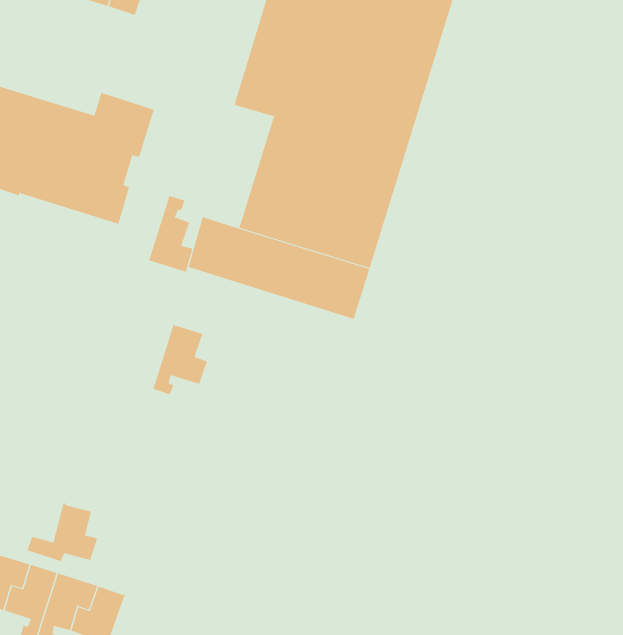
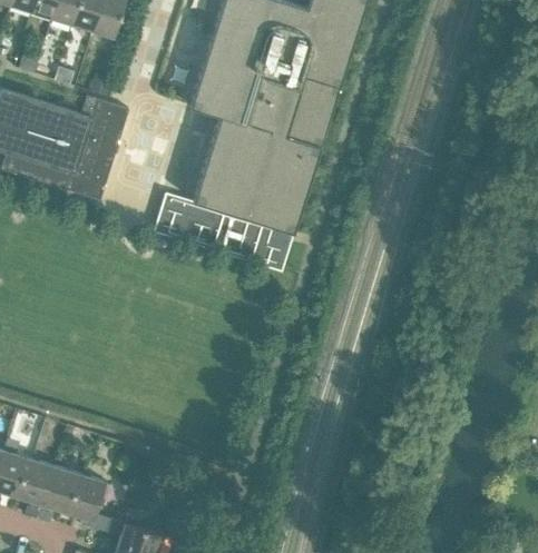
building: [149,195,193,272] -> none
building: [153,324,207,395] -> none
building: [27,502,98,562] -> none

